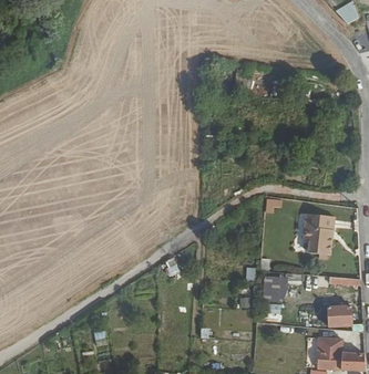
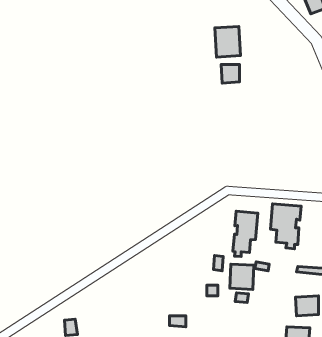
building: none -> [215,26,240,57]
building: none -> [233,211,258,256]

